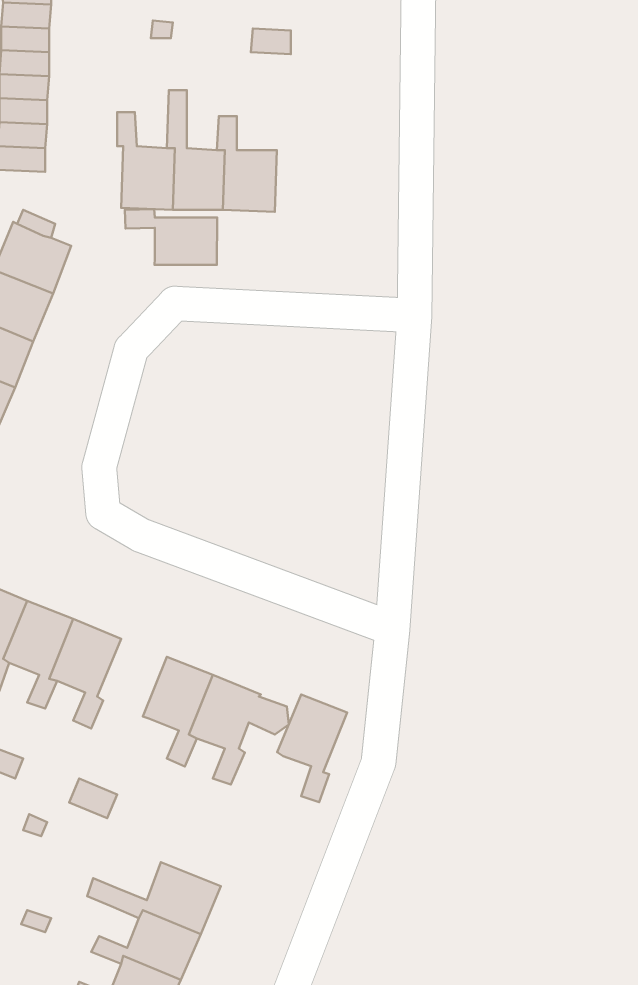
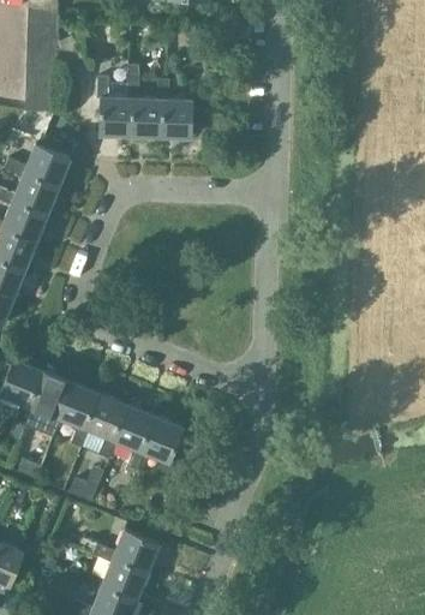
building: [125,209,217,265] -> none
building: [277,694,347,802] -> [84,395,126,460]

